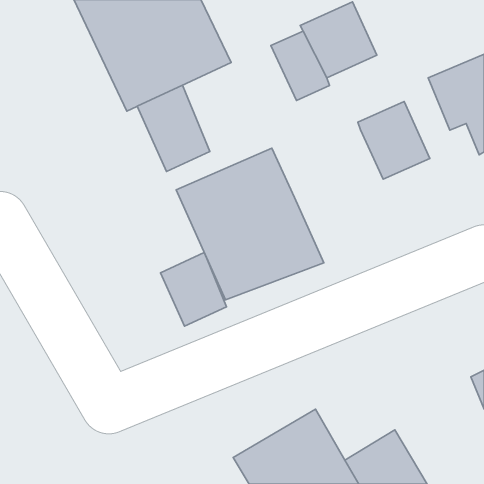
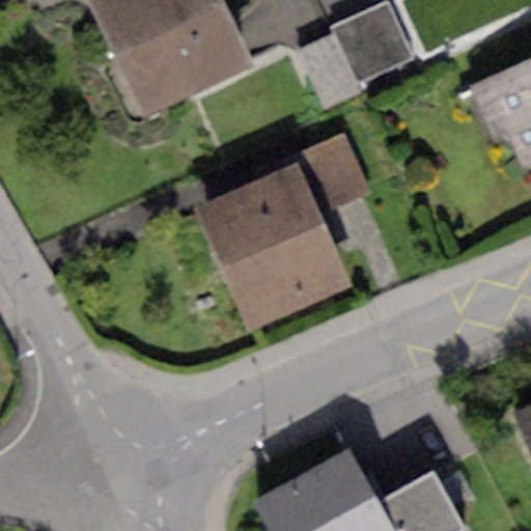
building: [137,85,210,172] -> none
building: [358,101,430,179] -> [295,131,373,216]
building: [161,253,227,326] -> none

